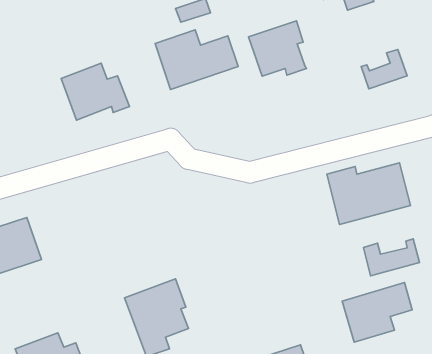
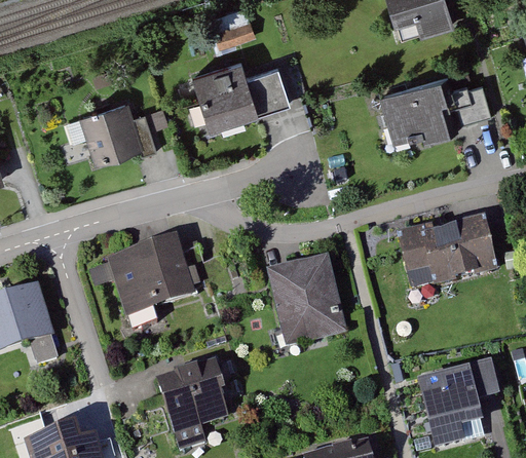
building: [249,21,307,76] -> [379,73,449,140]
building: none -> [106,232,195,315]
building: none -> [266,253,349,346]
building: [364,239,419,276] -> none

